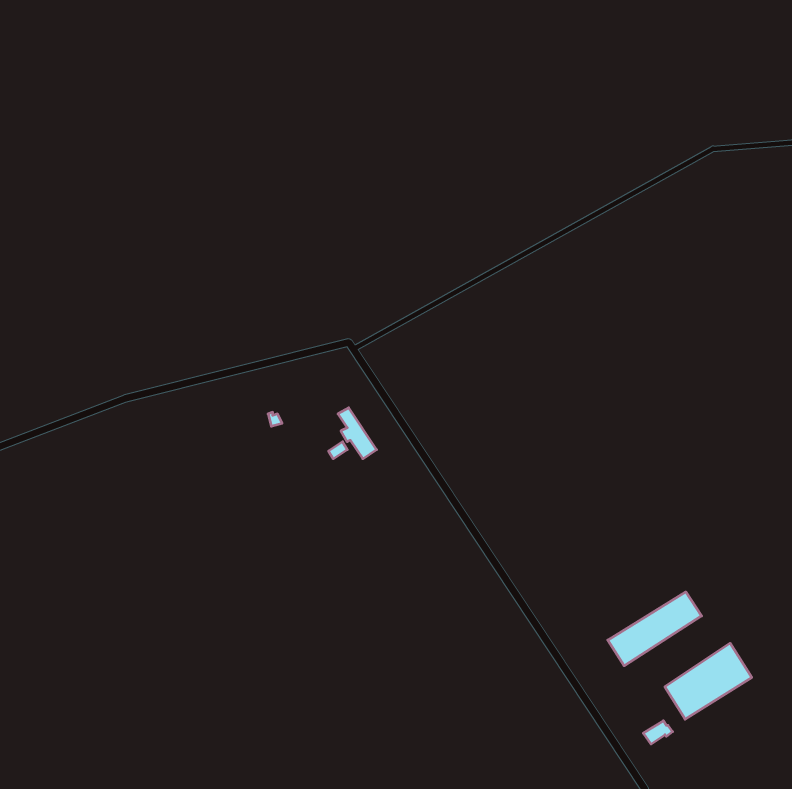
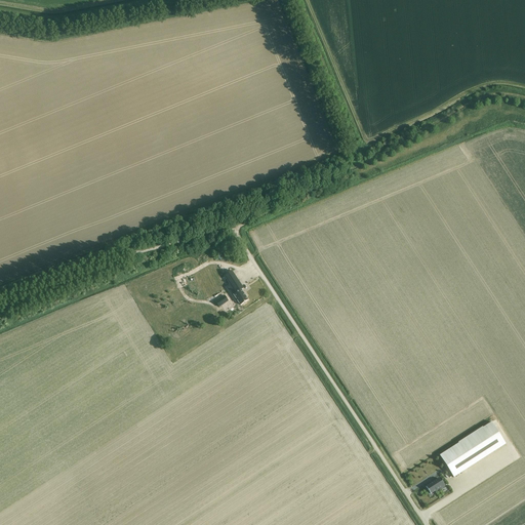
building: [608,592,702,666] -> none

